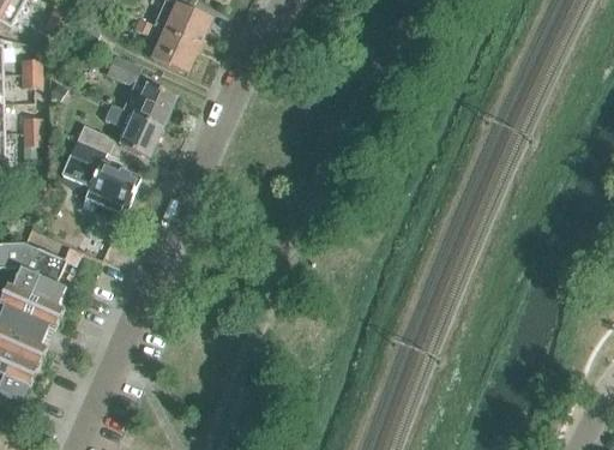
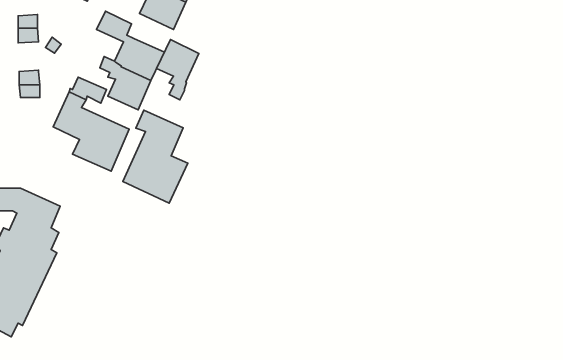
building: none -> [157,39,199,100]
building: none -> [123,110,188,203]

